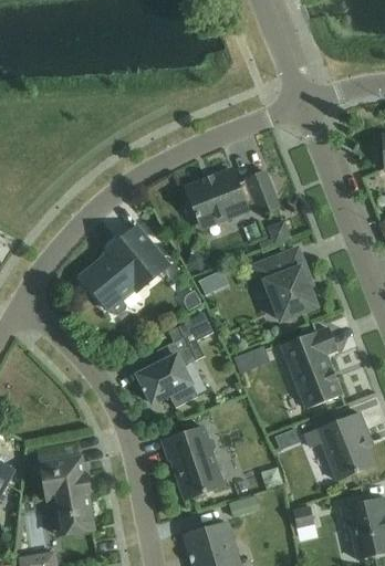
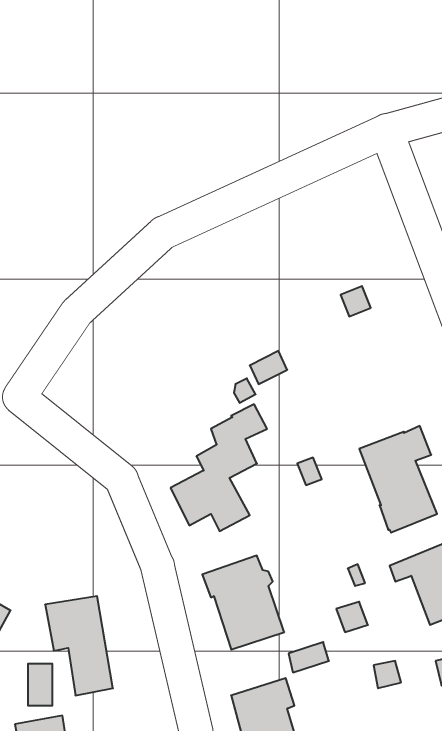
building: [185,169,279,224] -> none
building: [81,226,169,315] -> none
building: [253,249,315,319] -> none

